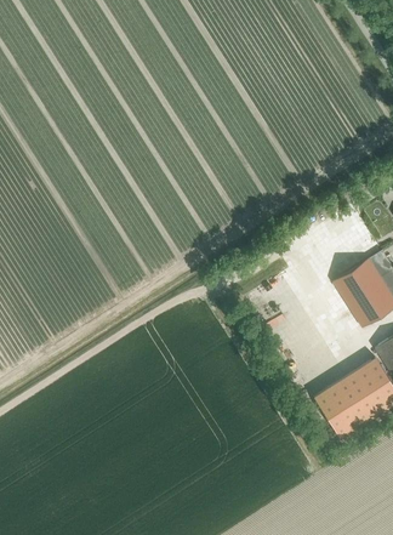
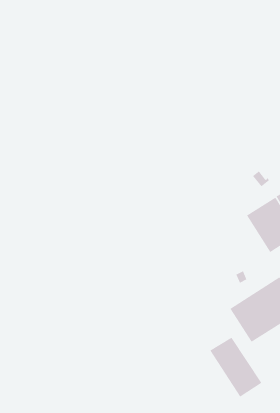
building: none -> [210,337,262,397]

